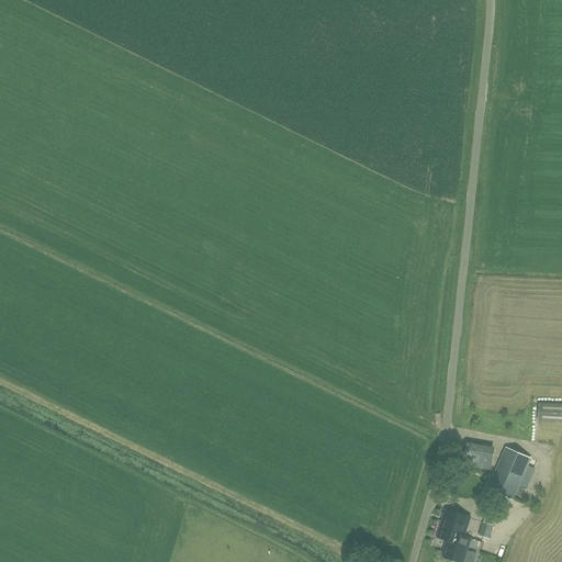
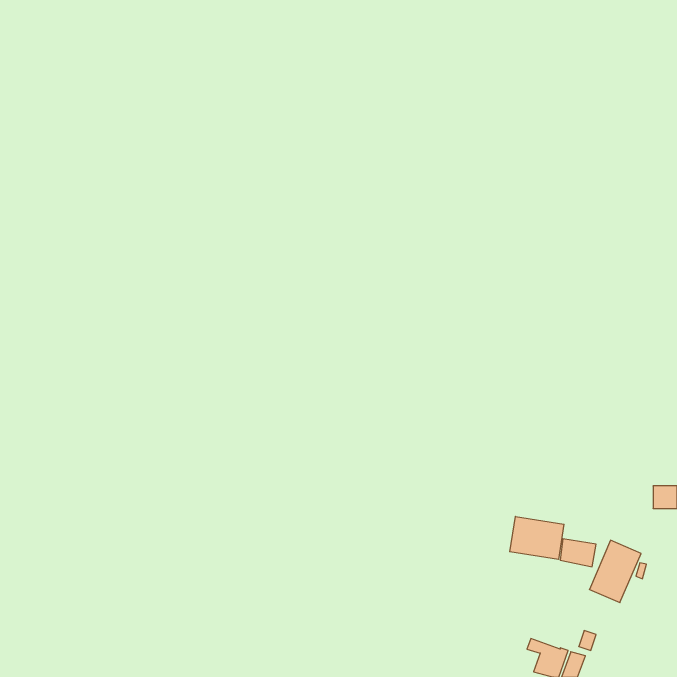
building: none -> [510,516,564,559]
building: [439,508,470,537] -> none

